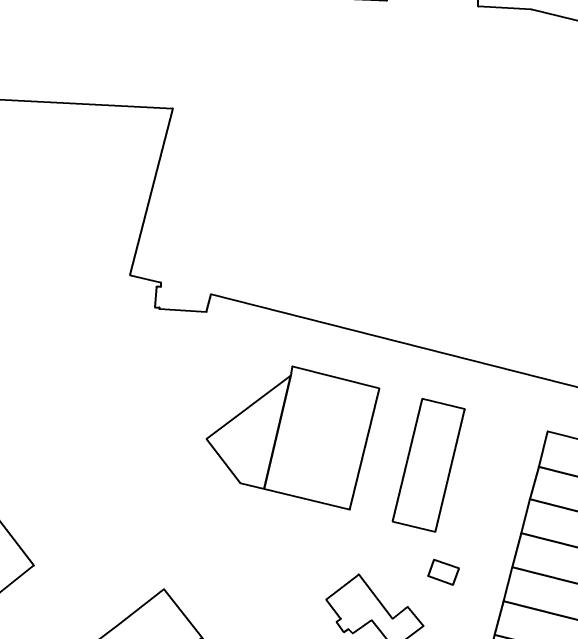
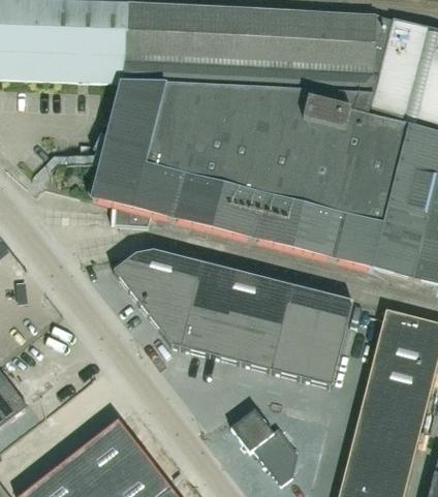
building: none -> [114,250,208,314]
building: none -> [248,279,299,372]
building: none -> [308,293,353,385]

